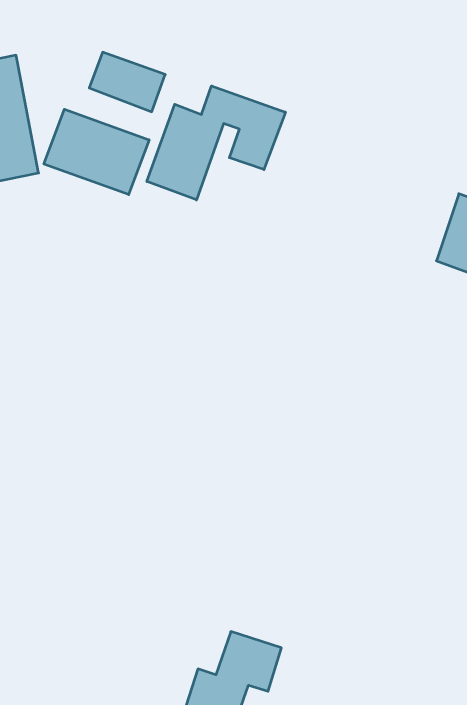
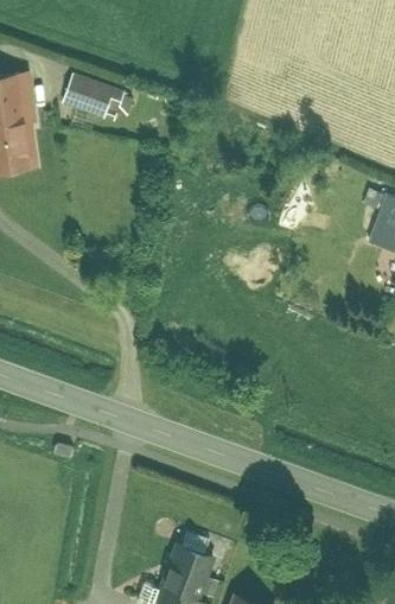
building: [147,86,285,200] -> none
building: [44,109,149,195] -> none

